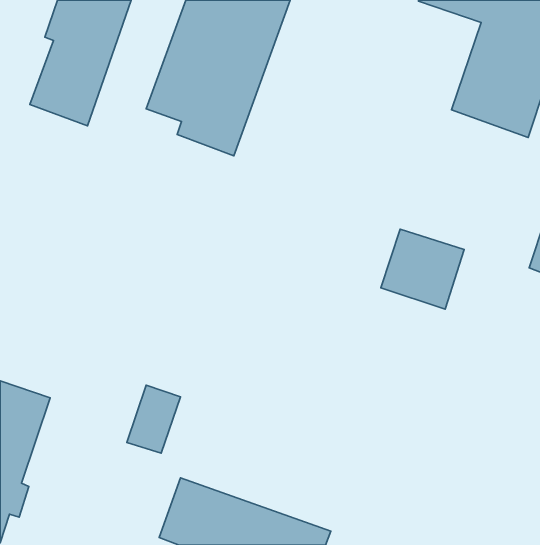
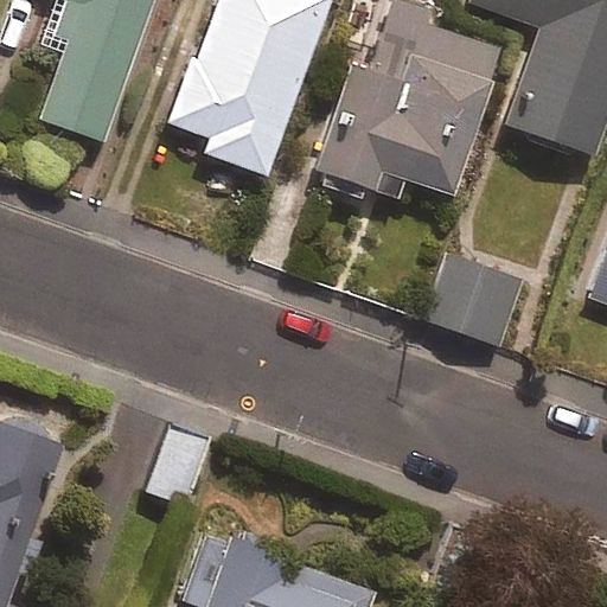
building: none -> [321,11,500,197]

